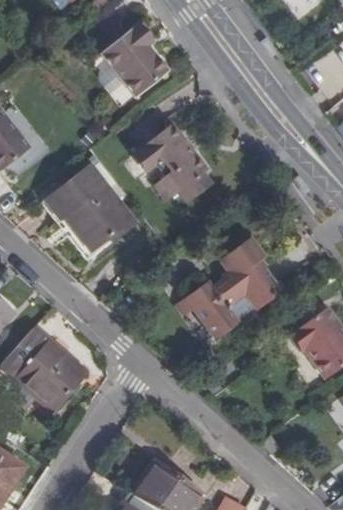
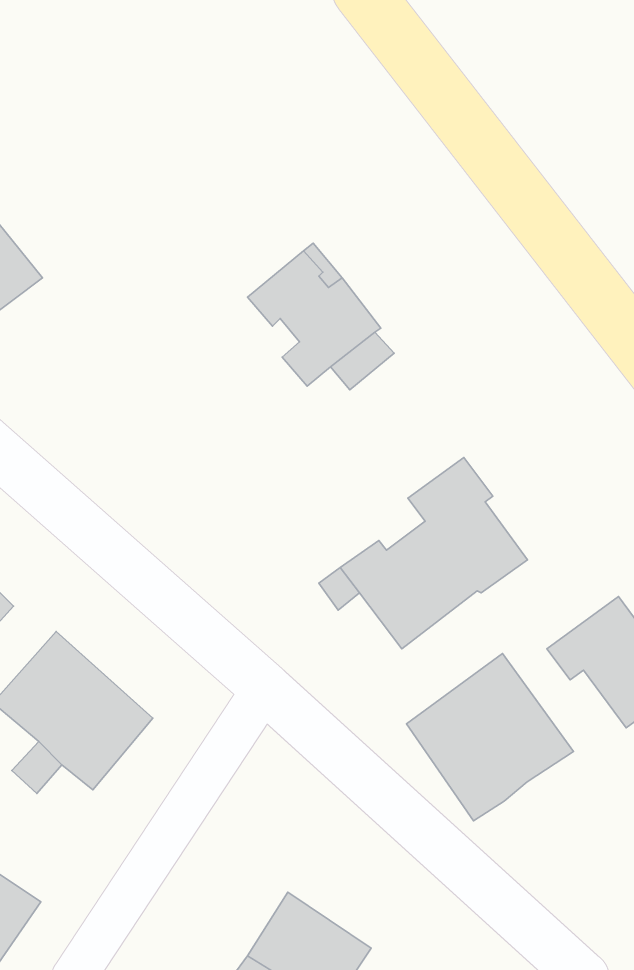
building: [98,24,164,98] -> none
building: [46,162,133,246] -> none
building: none -> [406,653,573,821]

